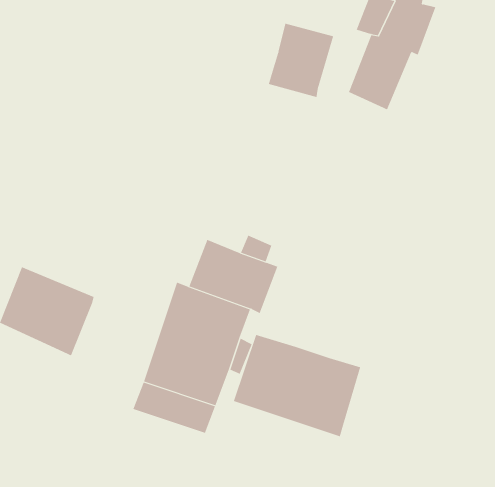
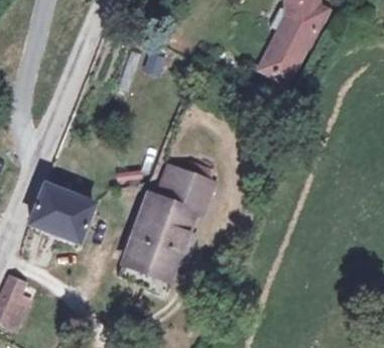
building: [268,23,334,98] -> none
building: [233,334,361,437] -> none

